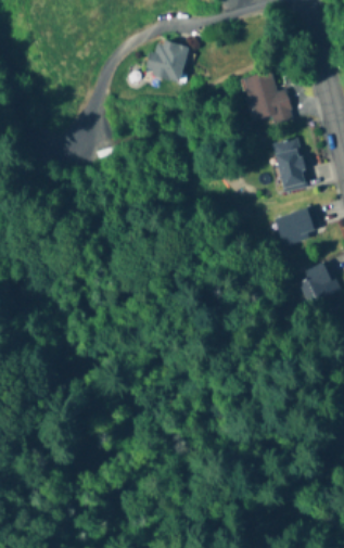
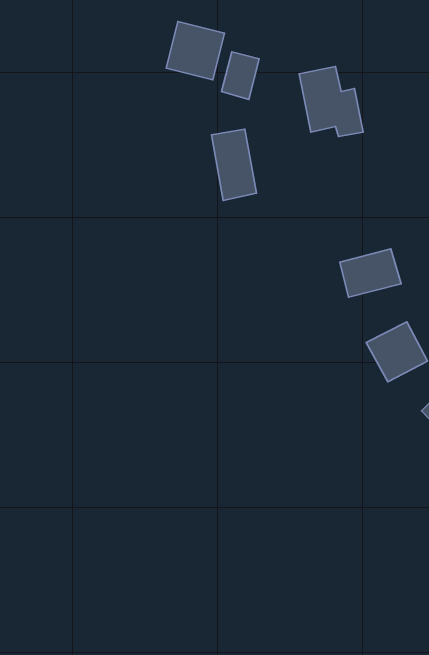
building: none -> [222,52,259,100]
building: [273,139,307,192] -> [211,129,257,201]

